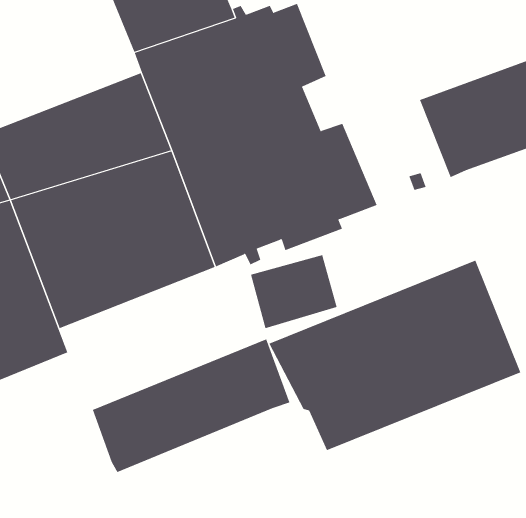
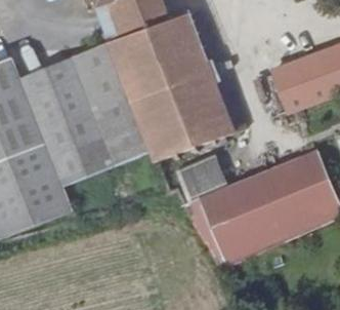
building: [92,339,290,473] -> none

